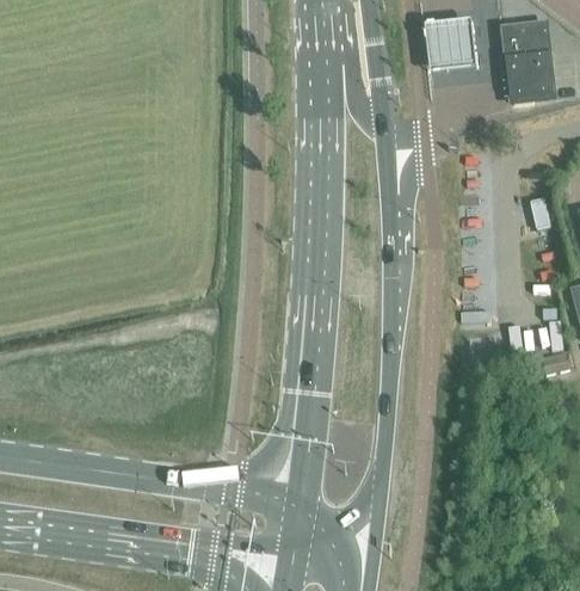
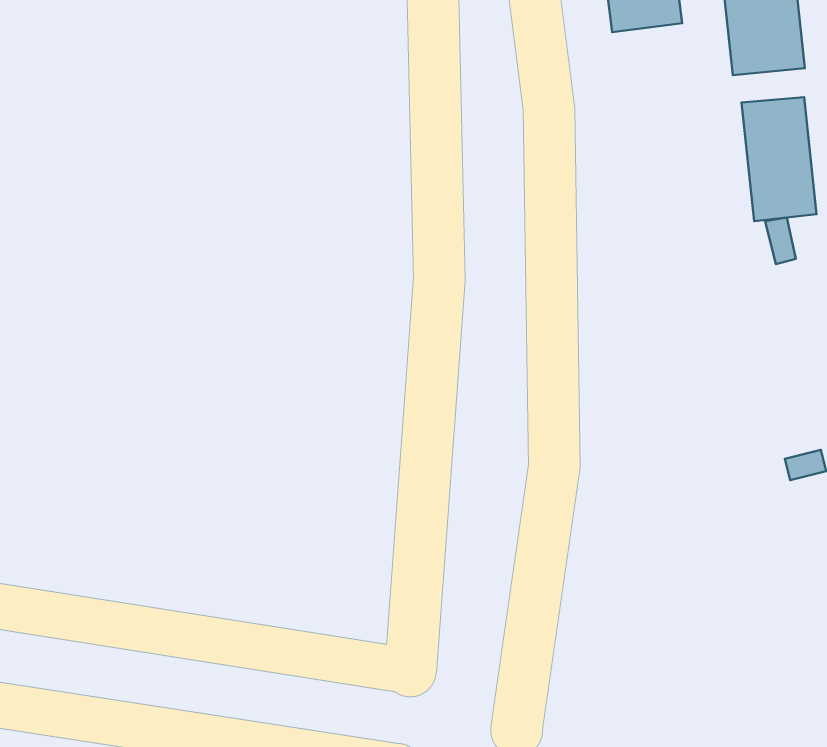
building: none -> [742,97,816,221]

